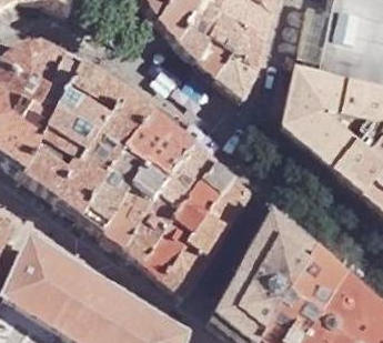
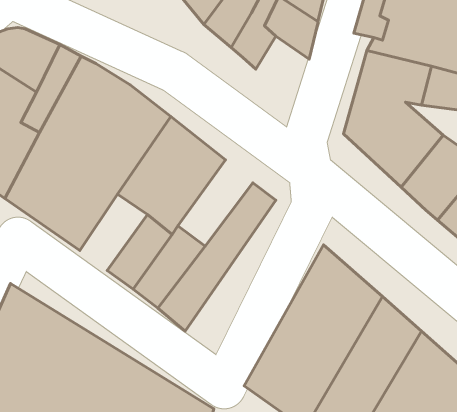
building: [218,49,259,95] -> none
building: [158,144,215,211] -> none
building: [82,171,134,230] -> none
building: [163,175,250,294] -> none

